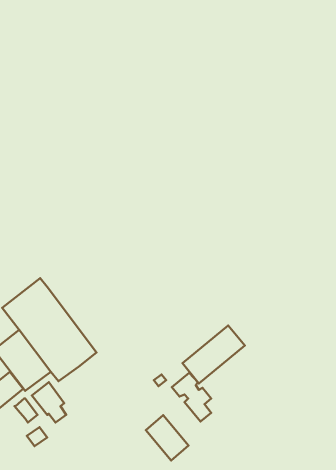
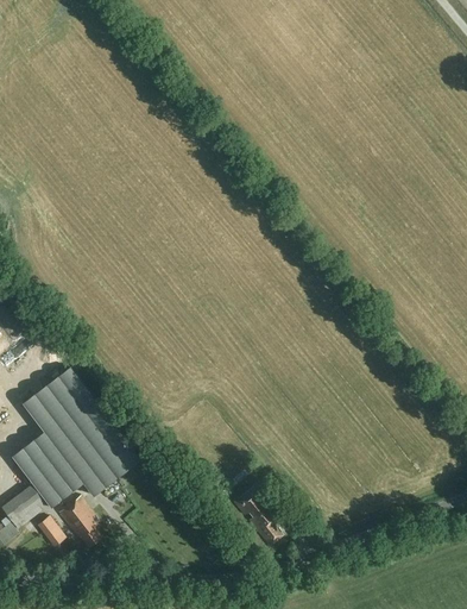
building: [183,326,245,384] -> none
building: [146,415,188,461] -> none

